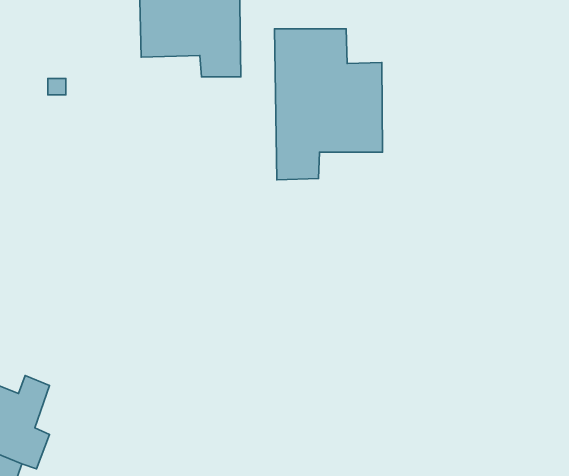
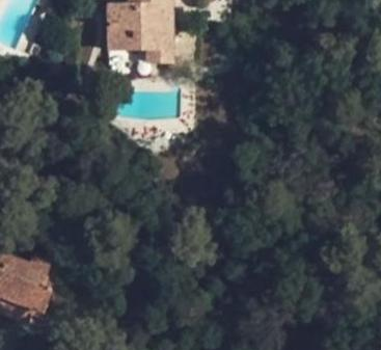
building: [275,29,382,180] -> none

